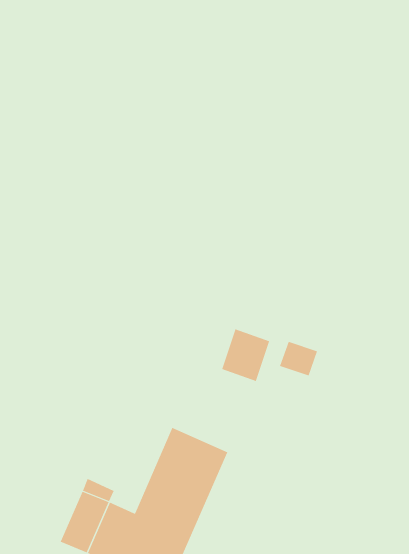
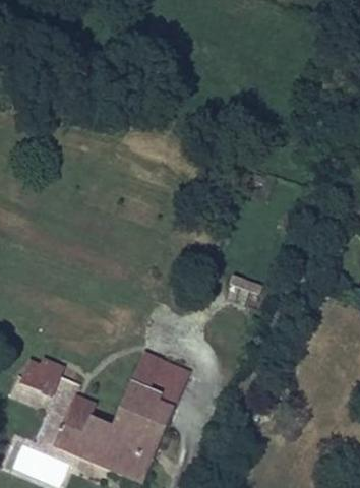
building: [221,329,270,382] -> none
building: none -> [18,357,65,396]

